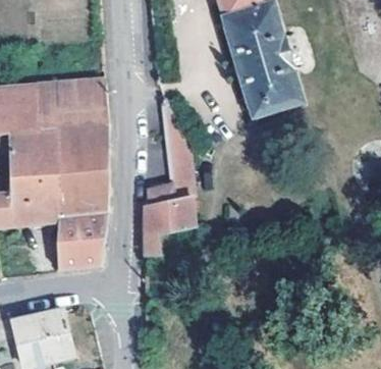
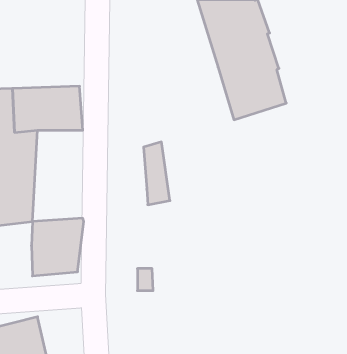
building: [57,129,106,218] -> none
building: [145,187,197,255] -> none

